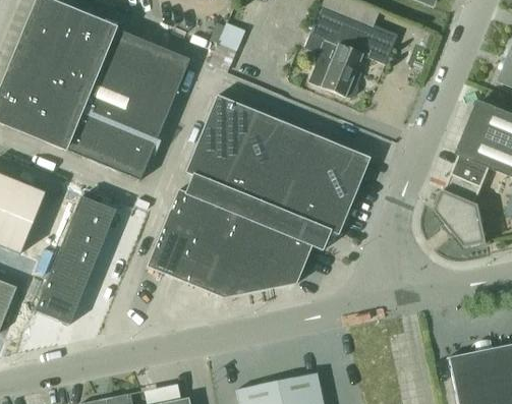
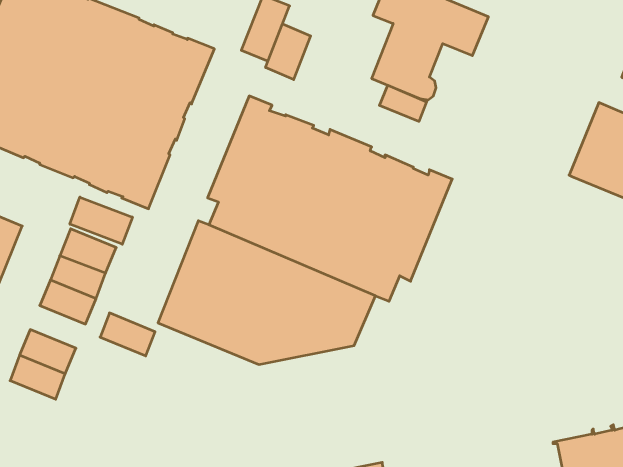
building: none -> [266,24,311,80]
building: none -> [379,85,427,121]
building: [437,155,491,246] -> none
building: none -> [70,197,132,244]
building: [51,252,93,285] -> [100,313,155,356]

